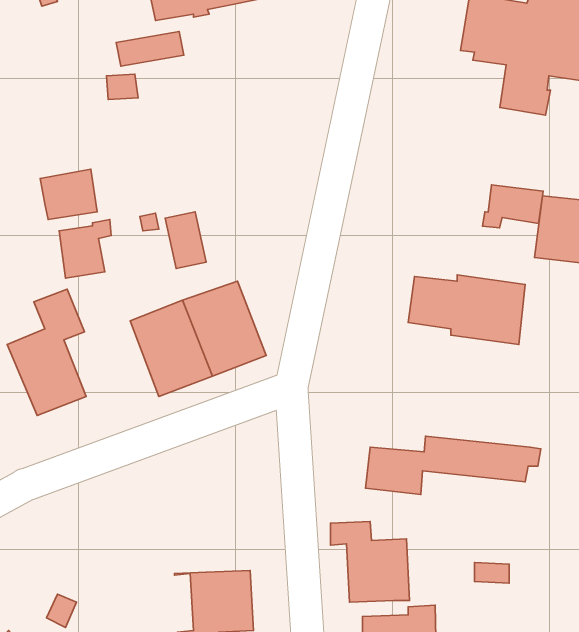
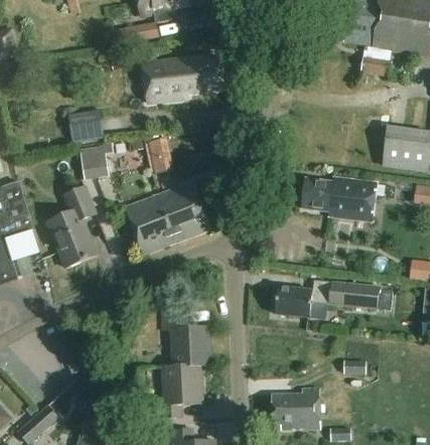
building: none -> [145,55,220,101]
building: [482,185,543,228] -> none
building: [331,522,410,602] -> [160,315,210,366]

